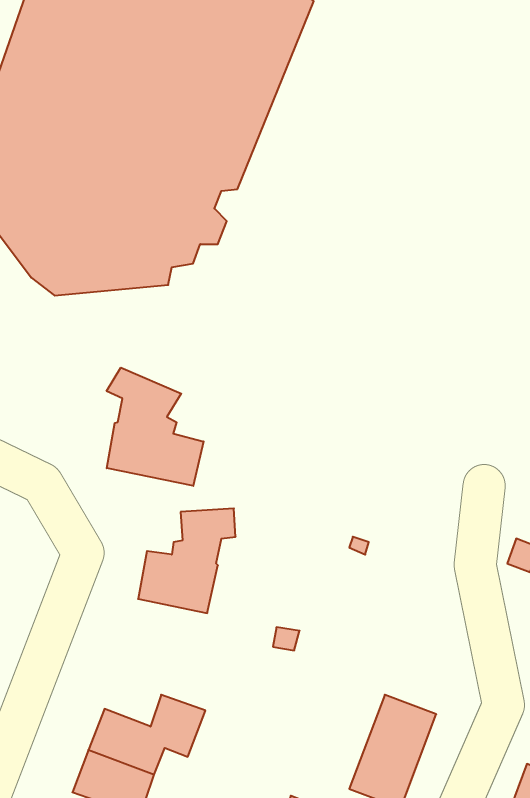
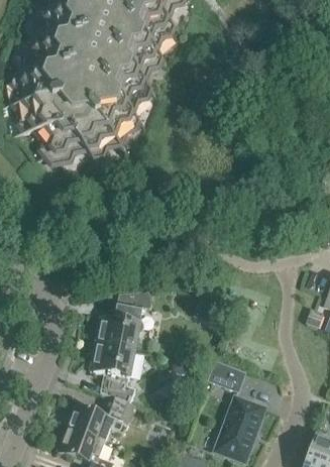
building: [107,368,204,486] -> none
building: none -> [90,341,135,402]
building: none -> [208,360,244,389]

